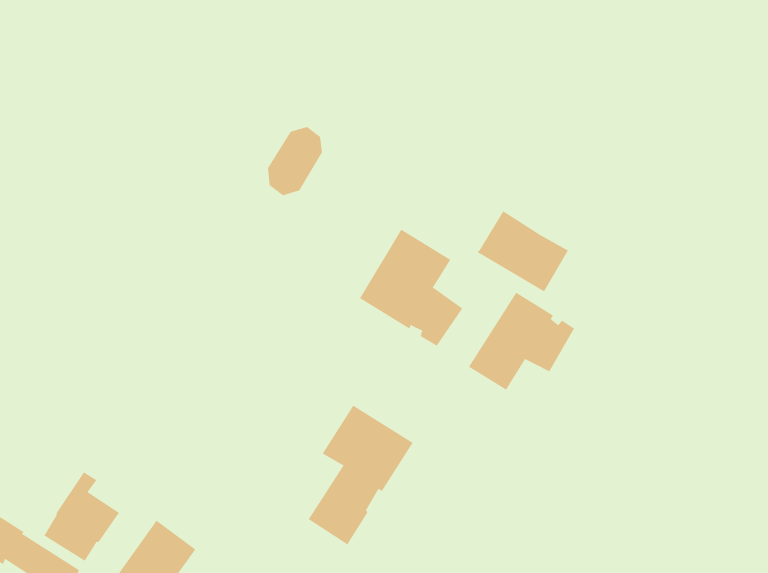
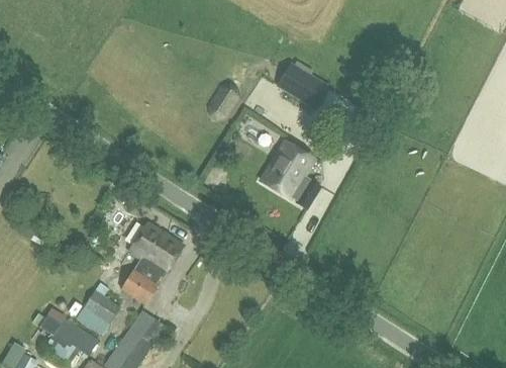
building: [477,211,569,292] -> [276,63,329,110]
building: [468,292,575,391] -> none
building: [308,405,414,545] -> [120,221,182,303]

